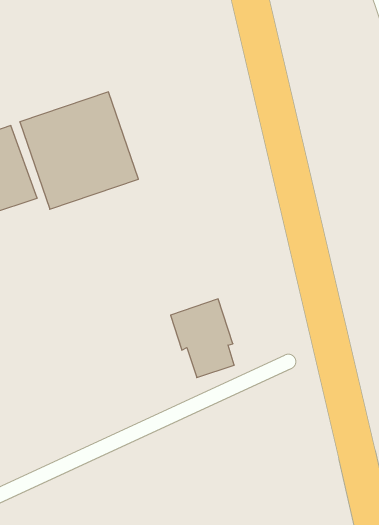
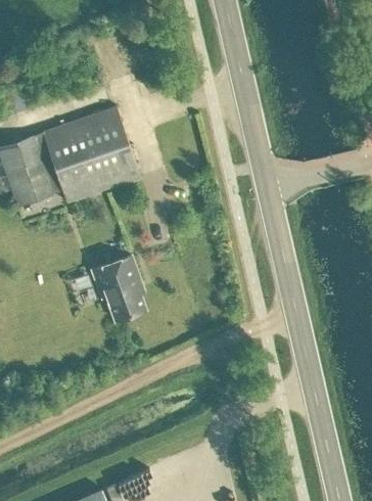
building: [171,299,234,378] -> [94,258,146,322]

